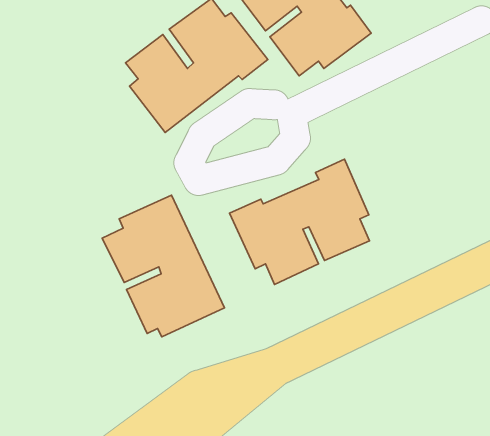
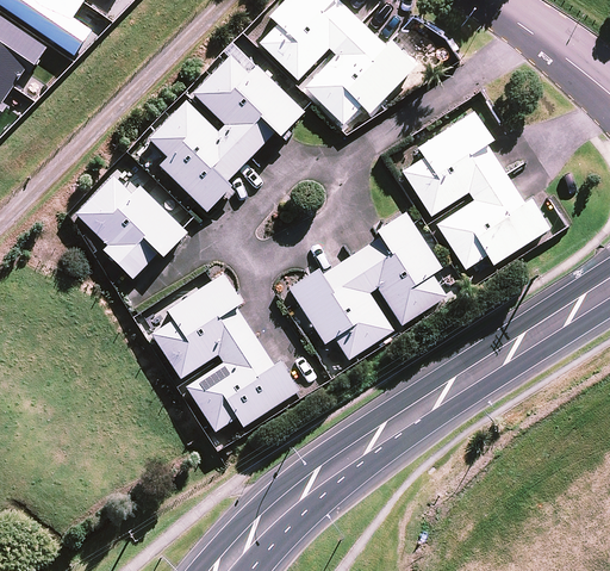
building: none -> [402,111,548,269]
building: none -> [75,175,185,278]

